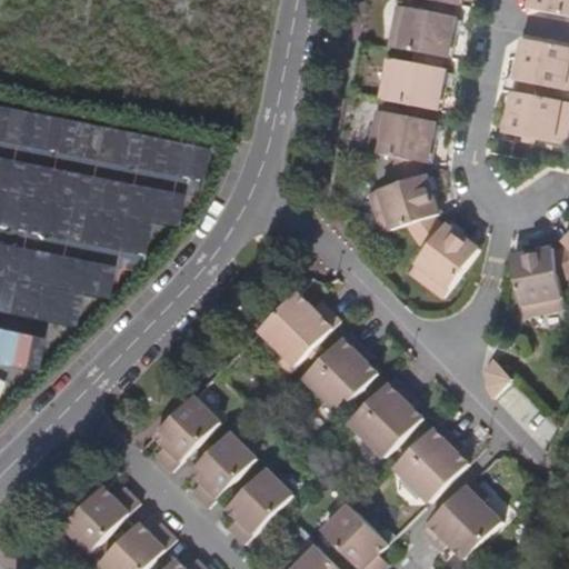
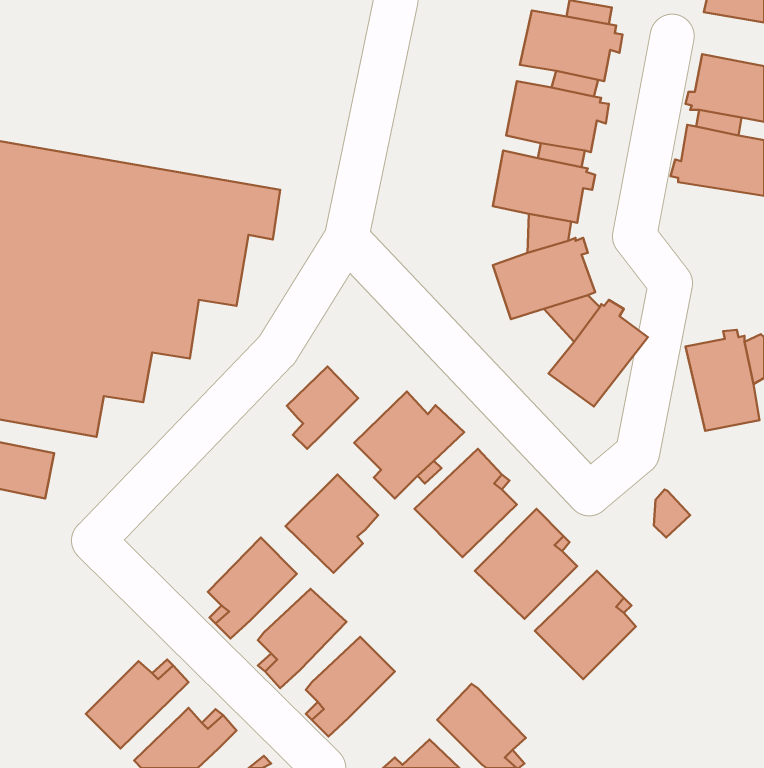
building: none -> [287,366,358,449]
building: none -> [285,474,378,573]
building: [421,479,501,559] -> none

